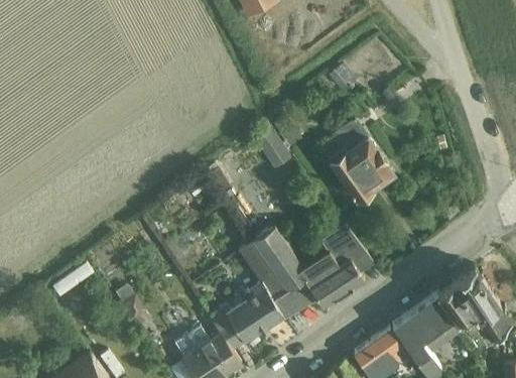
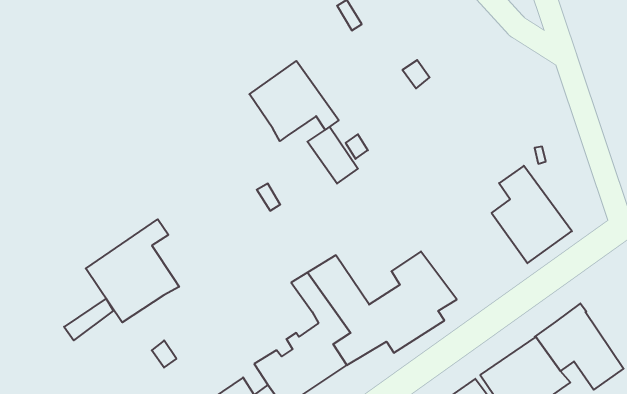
building: none -> [249,61,339,141]
building: [328,121,393,201] -> [492,166,572,263]
building: none -> [86,219,179,322]

